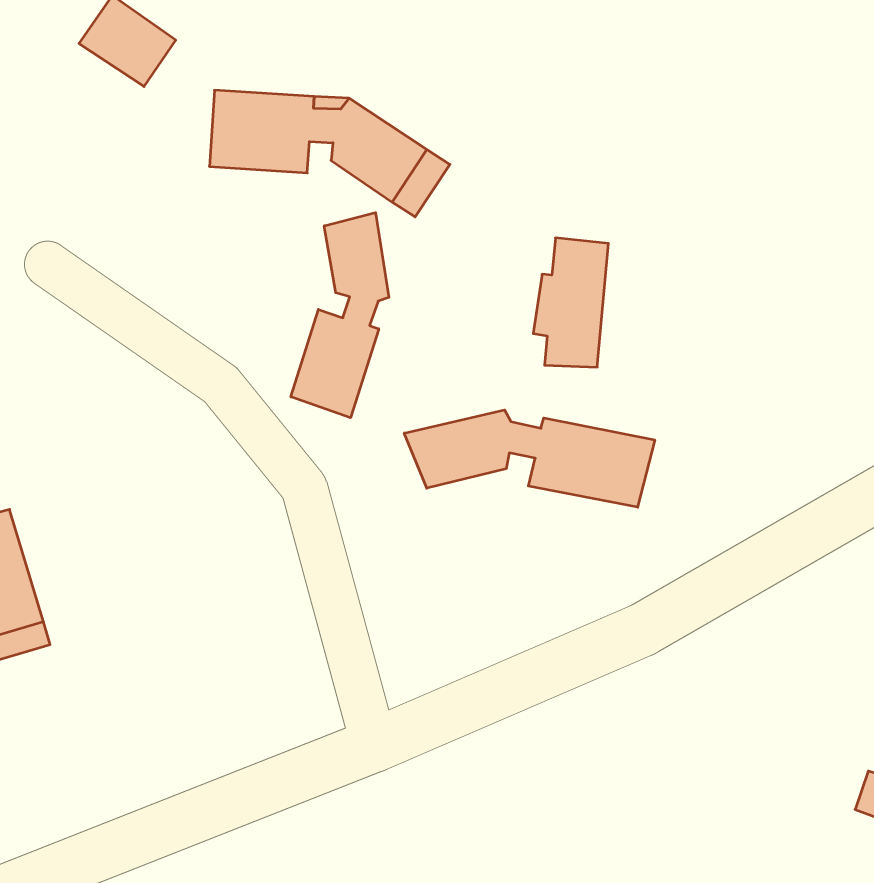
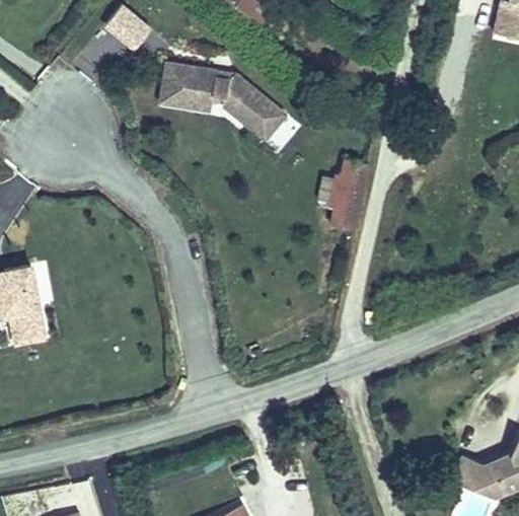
building: [291,213,389,418] -> none
building: [404,410,655,507] -> none

